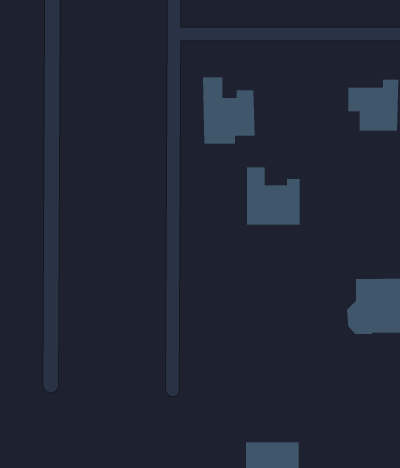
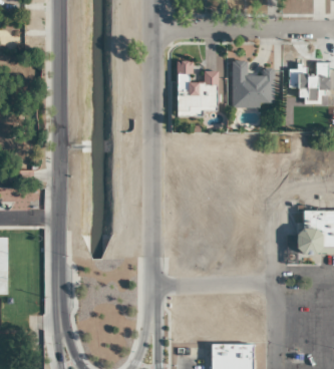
building: [246,167,301,225] -> [233,60,275,105]

